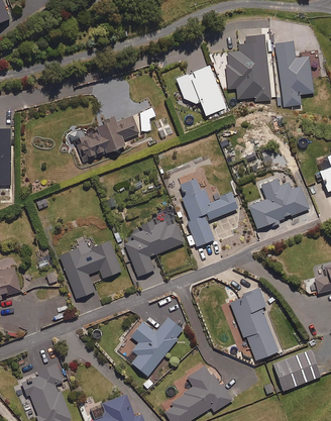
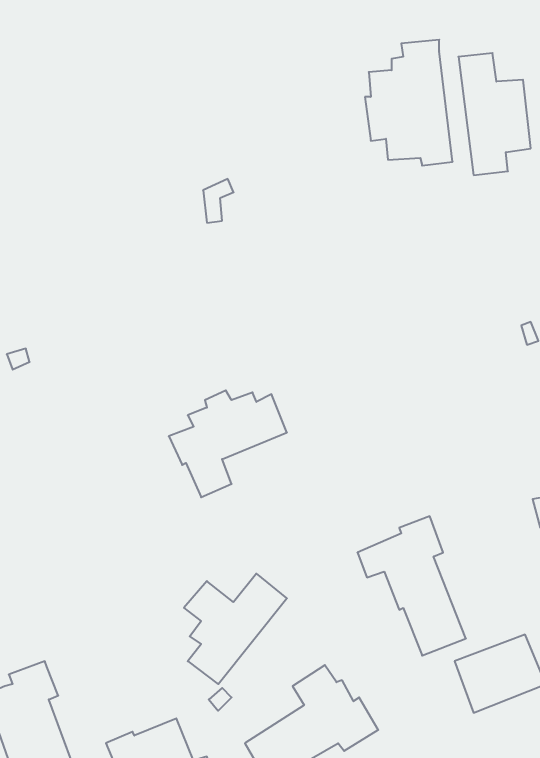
building: [176,66,226,115] -> none
building: [76,115,138,162] -> none
building: [248,177,309,228] -> none
building: [179,178,237,248] -> none
building: [59,240,121,298] -> none

